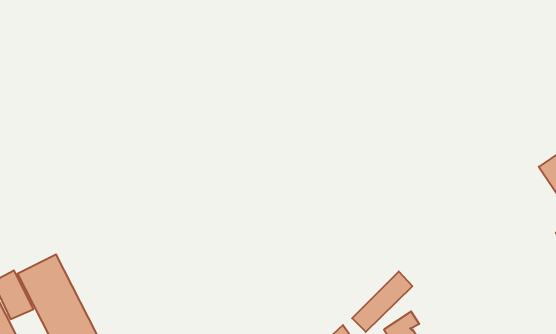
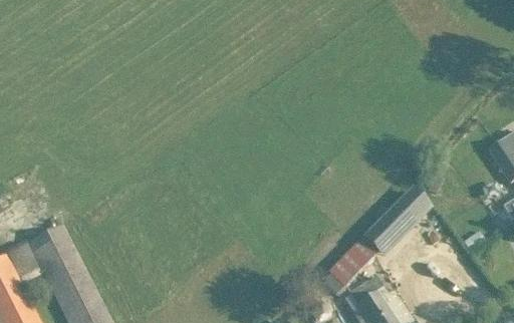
building: none -> [366,191,430,253]

